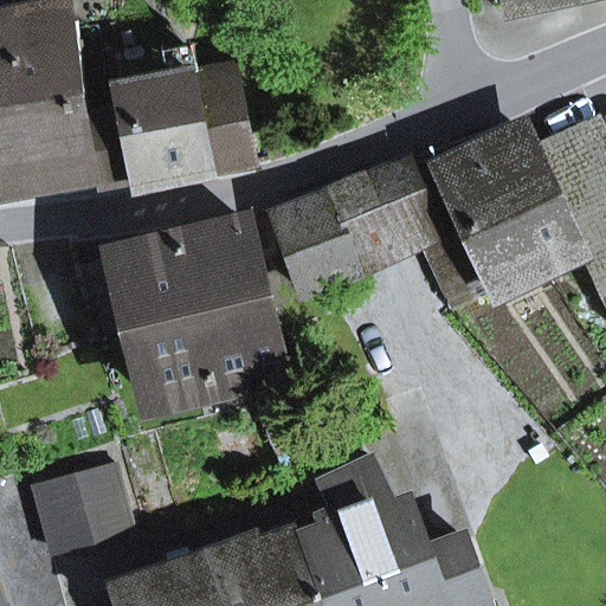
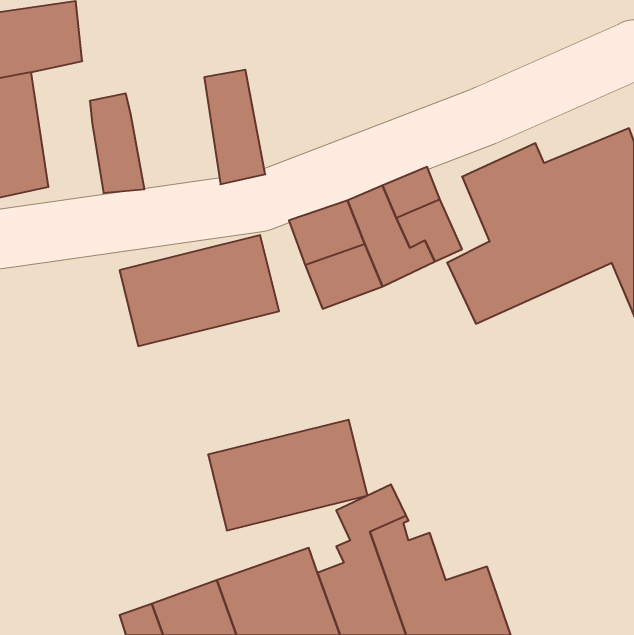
building: [120,51,209,186] -> none
building: [30,58,98,195] -> none
building: [131,296,283,401] -> [208,420,367,530]
building: [33,463,134,556] -> none

